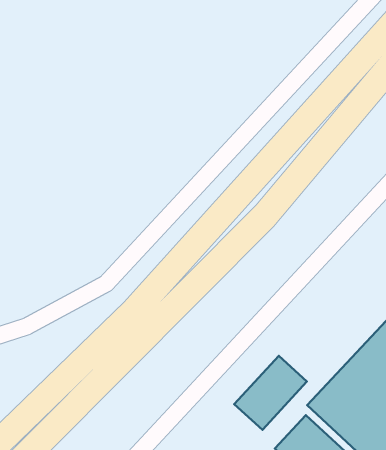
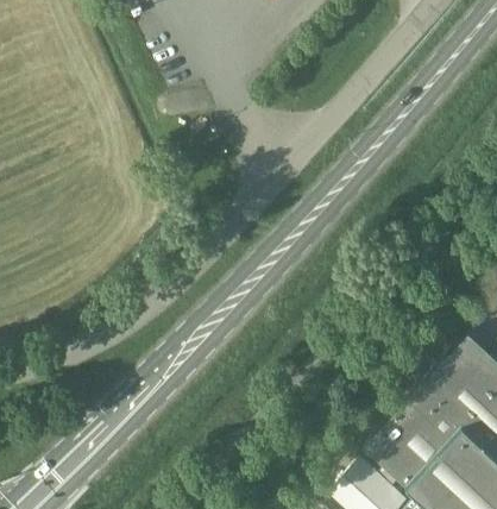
building: [234,356,307,430] -> none

